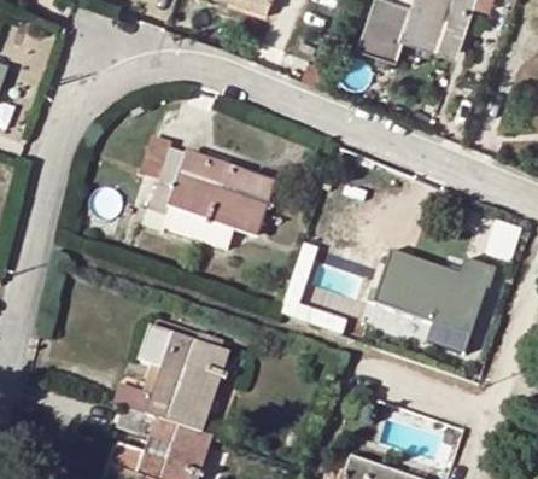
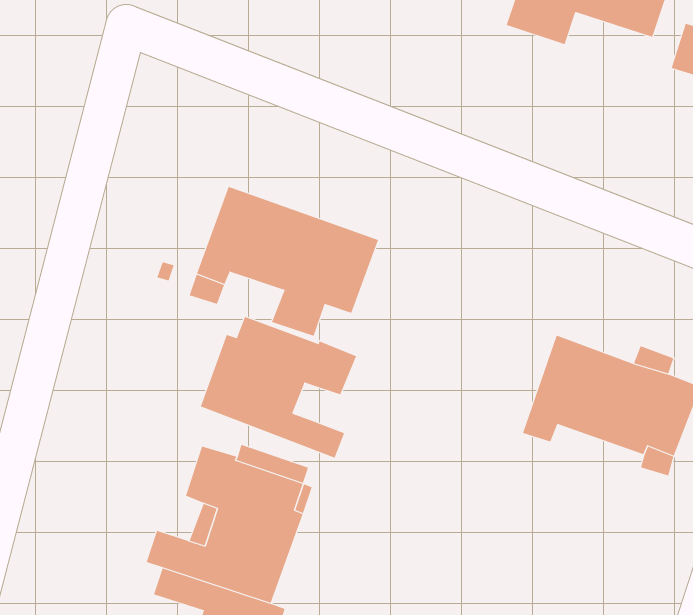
building: none -> [200,316,357,458]

